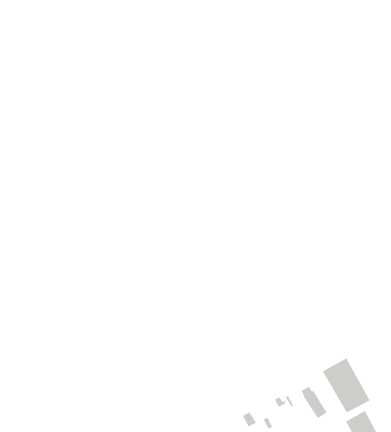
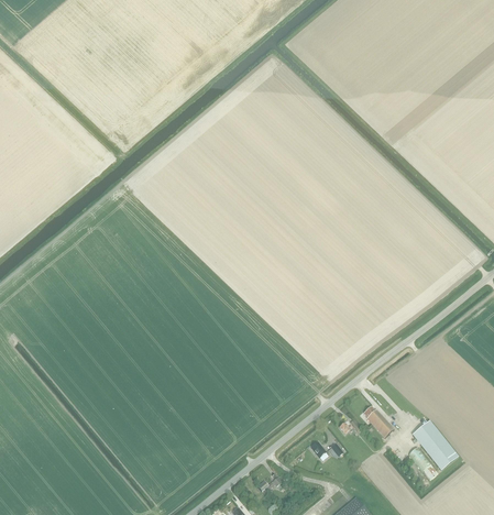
building: [322,358,371,413] -> none

